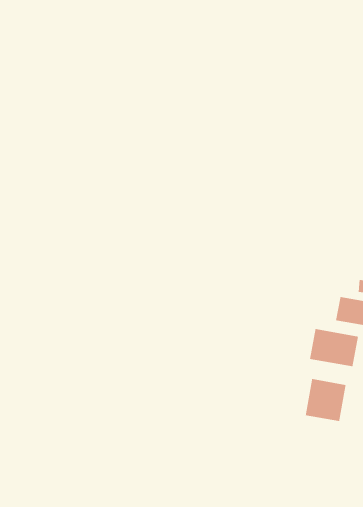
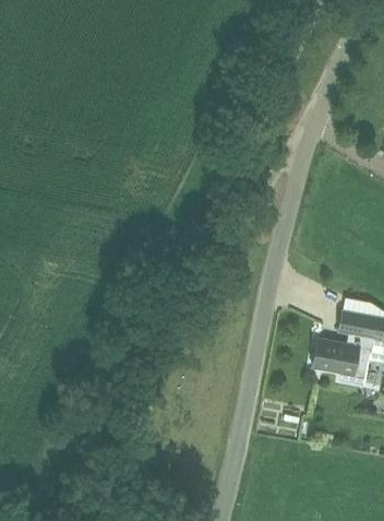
building: [305,378,346,422] -> none

